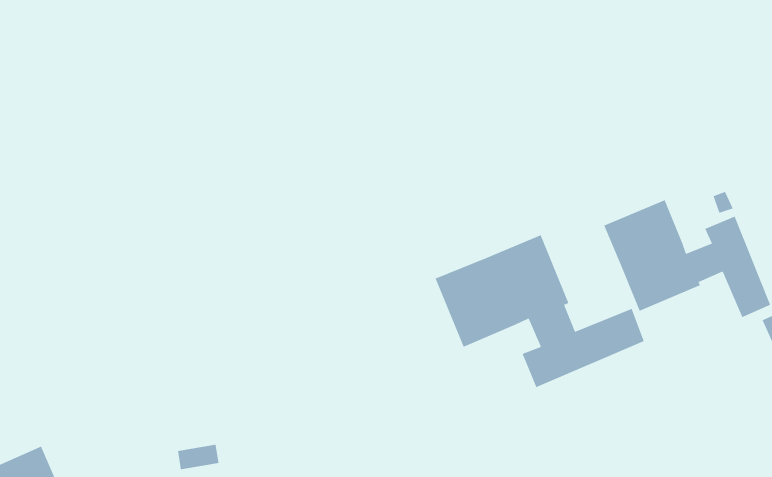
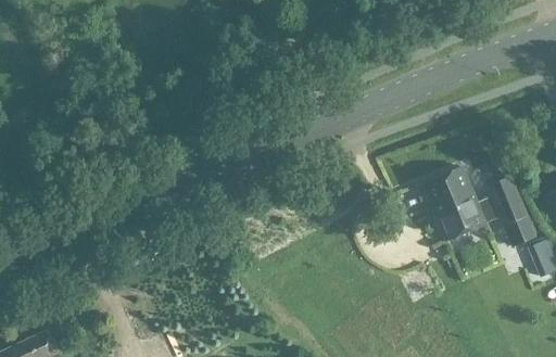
building: [435,234,645,388] -> none

